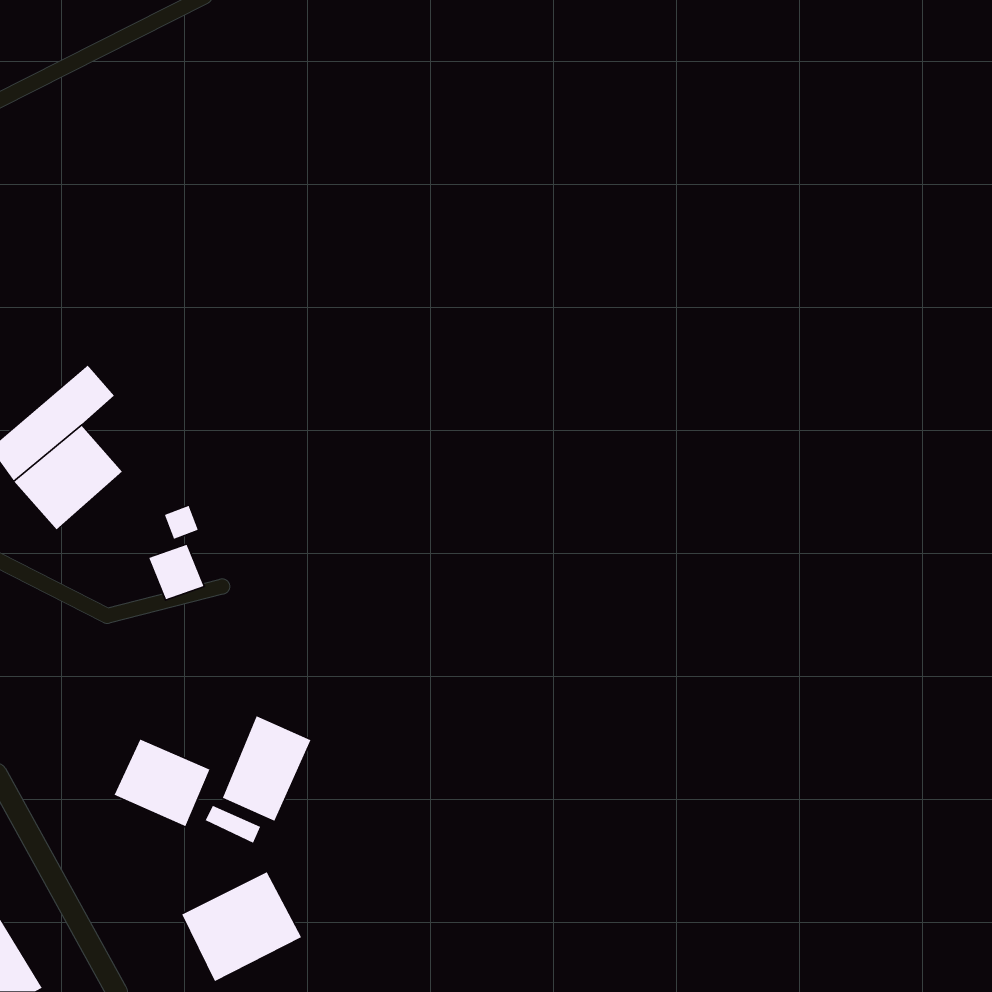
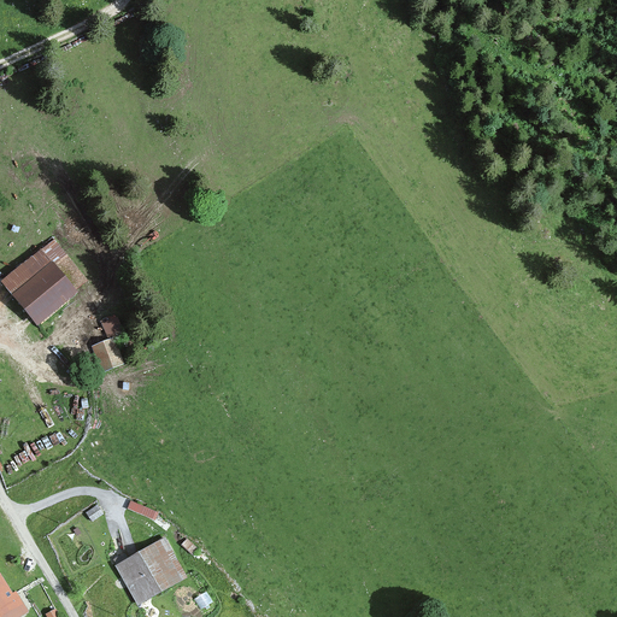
building: [222,715,311,822] -> none
building: [114,738,210,827] -> none

